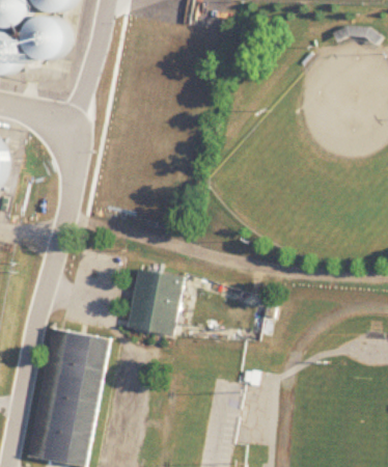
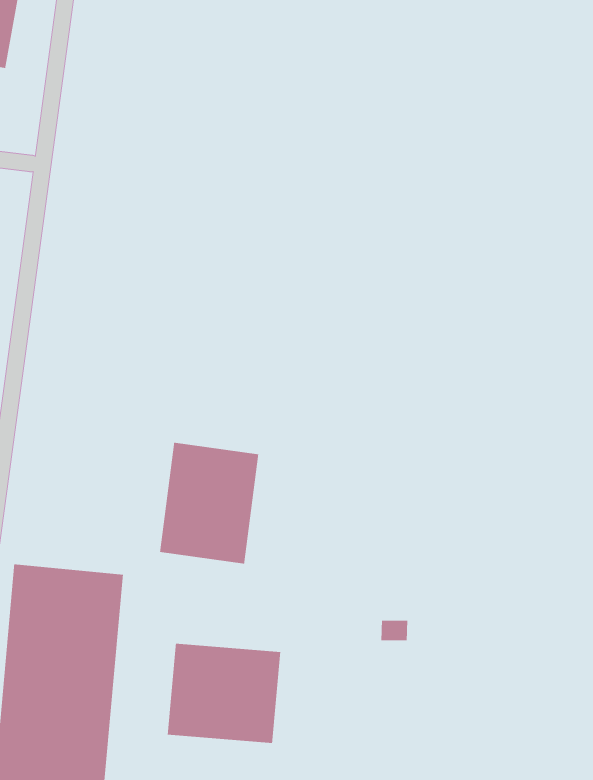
building: none -> [167,643,281,744]

